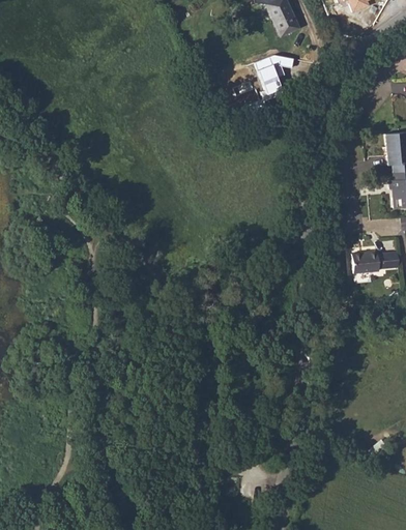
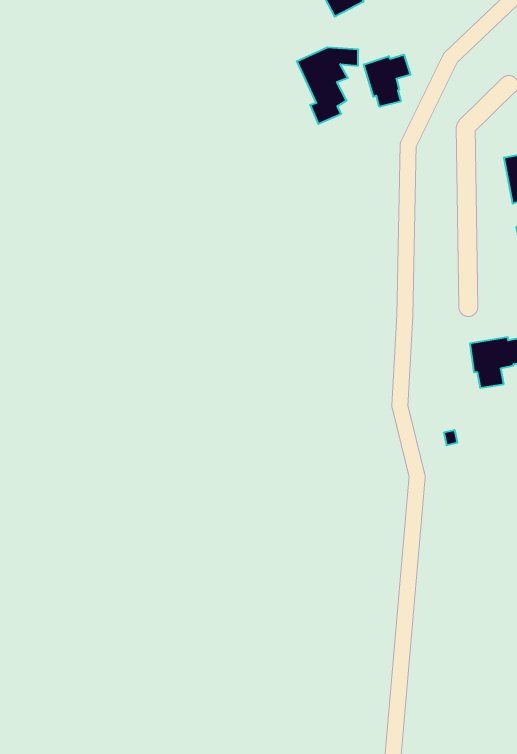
building: none -> [364,55,411,107]

